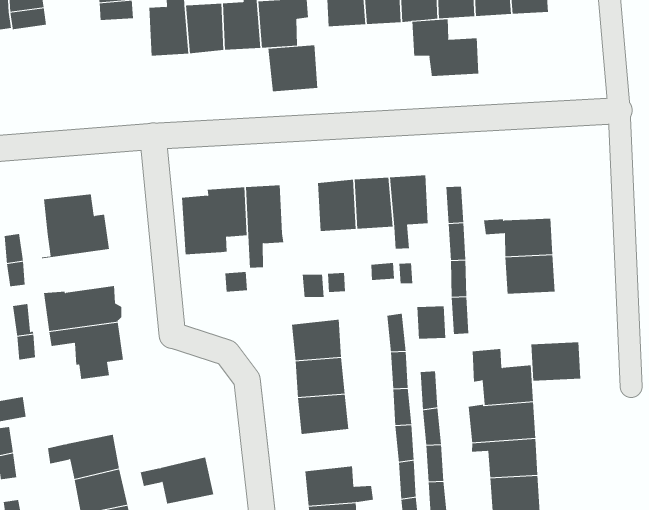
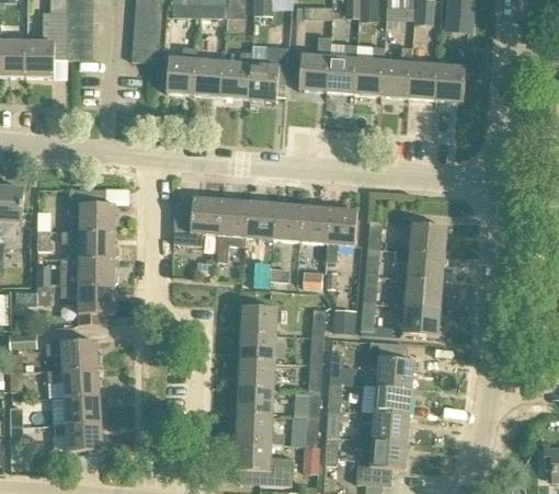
building: [412,19,479,77] -> none
building: [268,45,318,92] -> none
building: none -> [409,223,446,254]
building: none -> [244,202,275,256]
building: none -> [64,231,118,259]
building: [530,342,581,381] -> [401,306,440,336]
building: none -> [236,388,273,416]
building: [140,457,214,504] -> [46,340,99,370]

